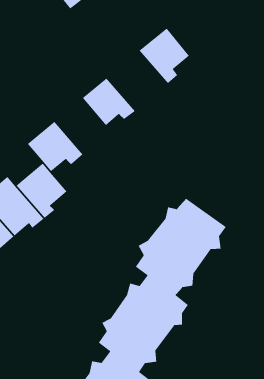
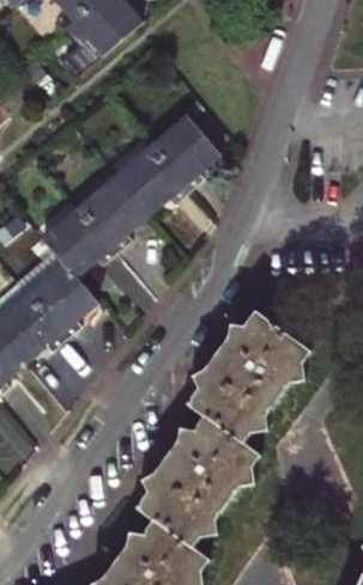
building: [138,27,190,84] -> [149,116,218,193]
building: none -> [78,175,147,251]

